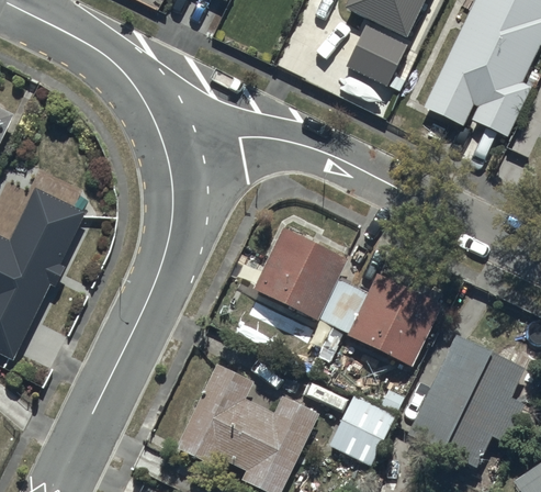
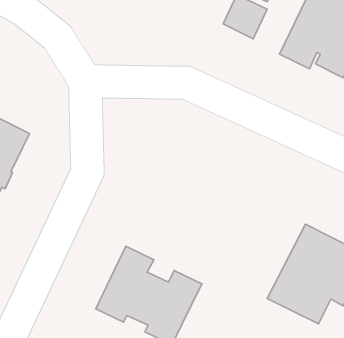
building: [251,227,441,367] -> none
building: [328,396,394,466] -> none

